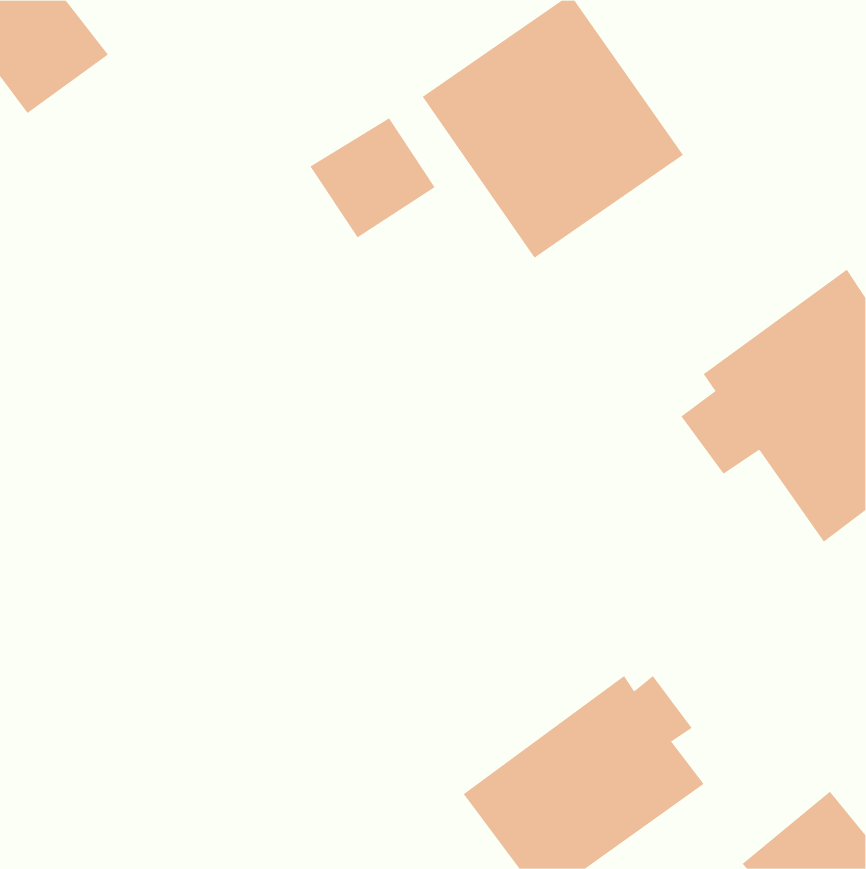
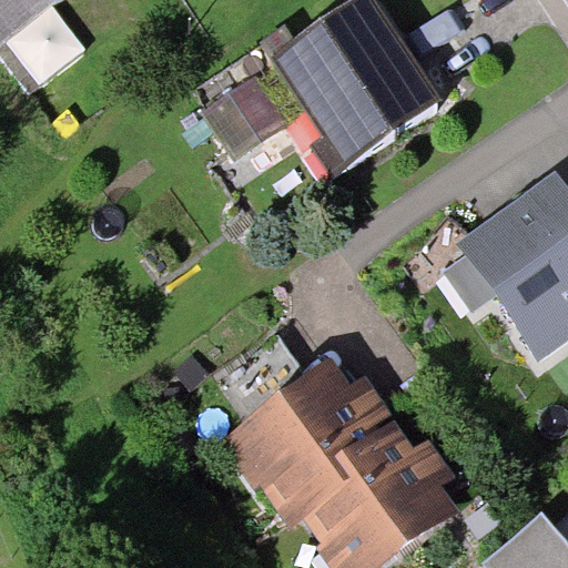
building: none -> [225,355,407,527]

